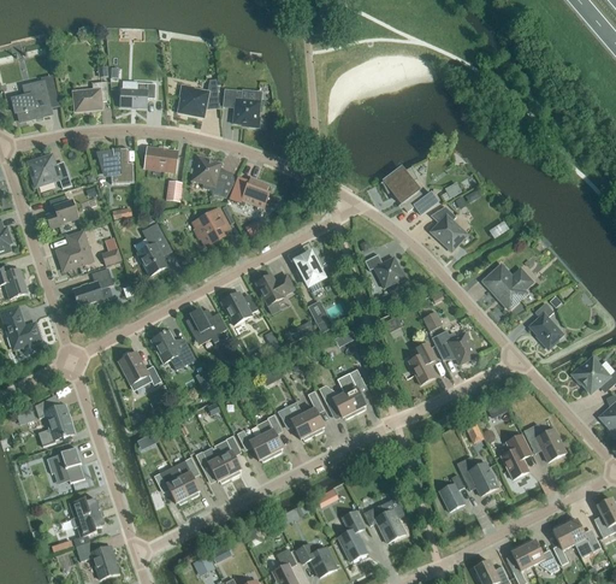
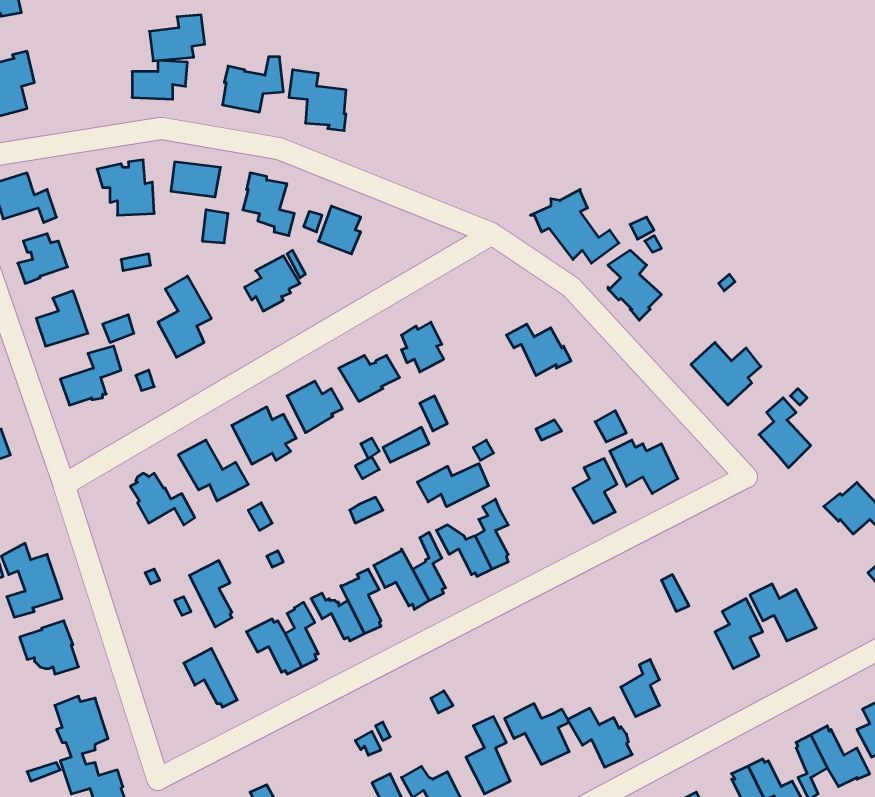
building: [73,81,109,111] -> [149,15,205,61]
building: none -> [417,464,489,507]
building: [172,456,200,500] -> [189,561,232,627]
building: [456,456,498,495] -> [568,708,632,767]

